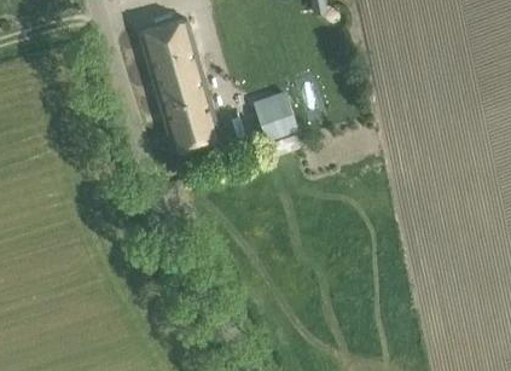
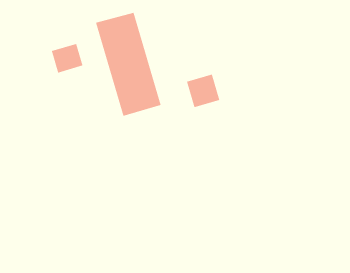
building: none -> [51,43,83,73]

